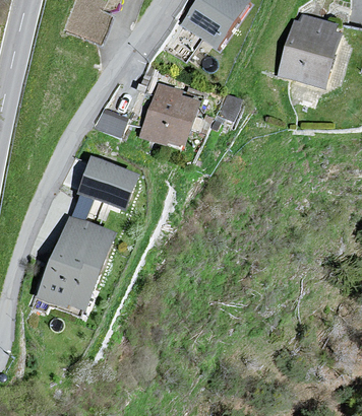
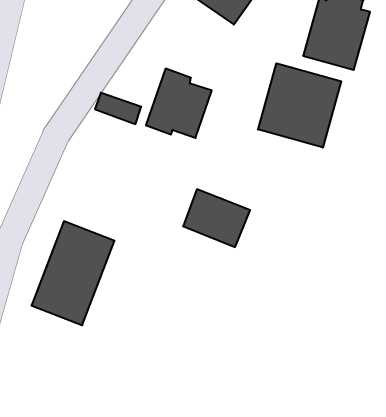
building: none -> [258,63,341,148]
building: [79,159,138,210] -> [183,189,250,247]

